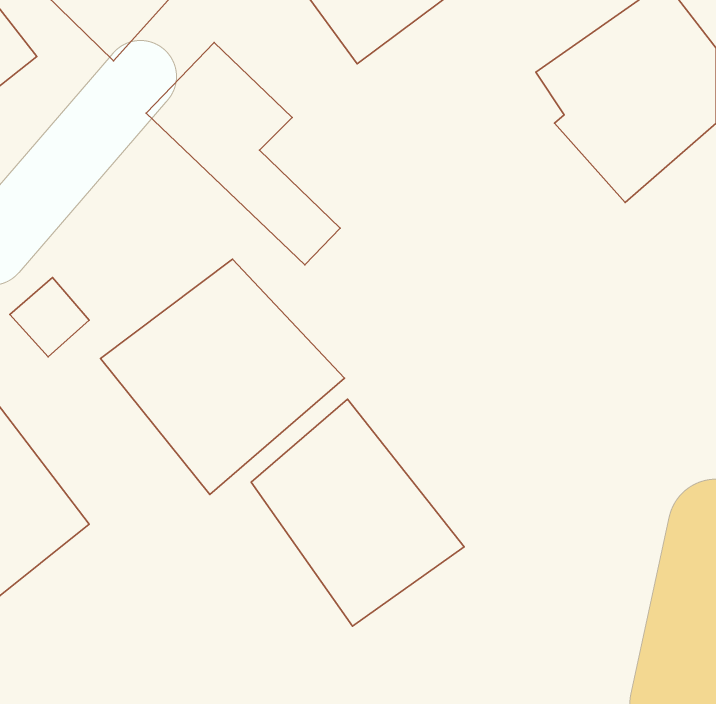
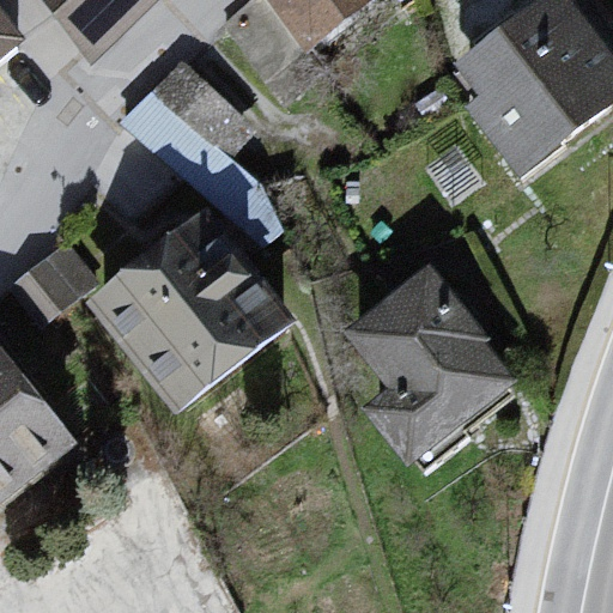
building: none -> [341,266,516,463]
building: [251,399,464,626] -> none

